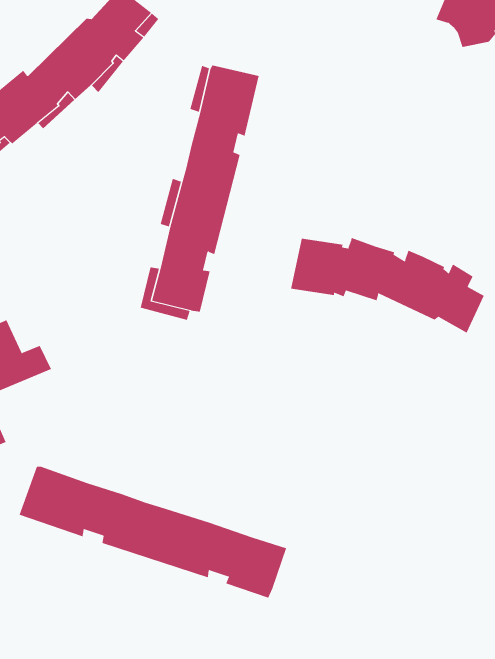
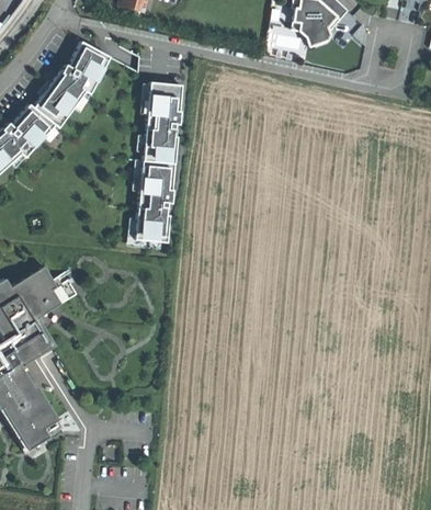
building: [291,237,484,334] -> none
building: [19,466,287,599] -> none

